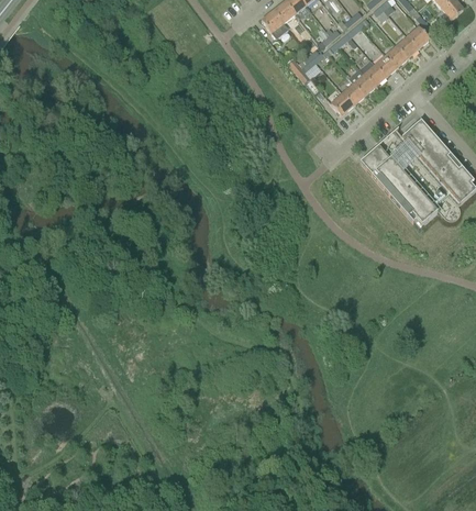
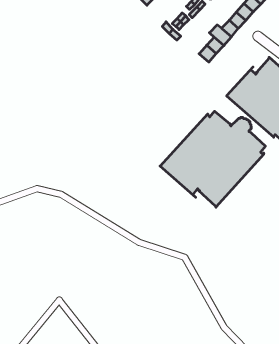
building: none -> [160,111,265,207]

